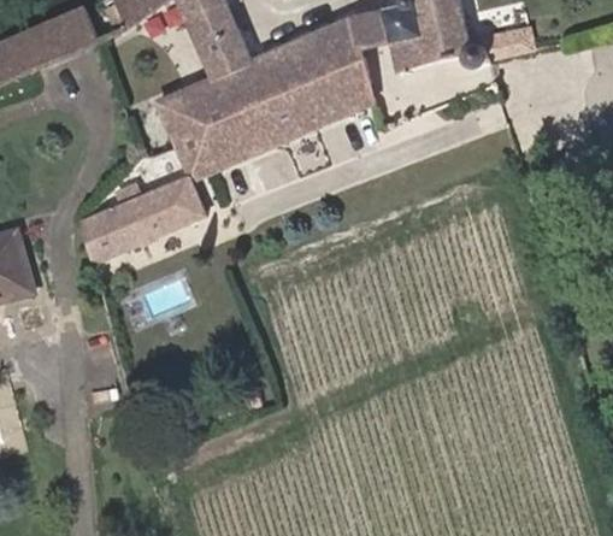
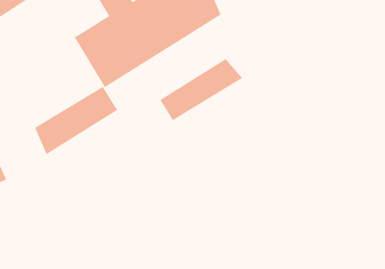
building: none -> [159,58,243,121]

